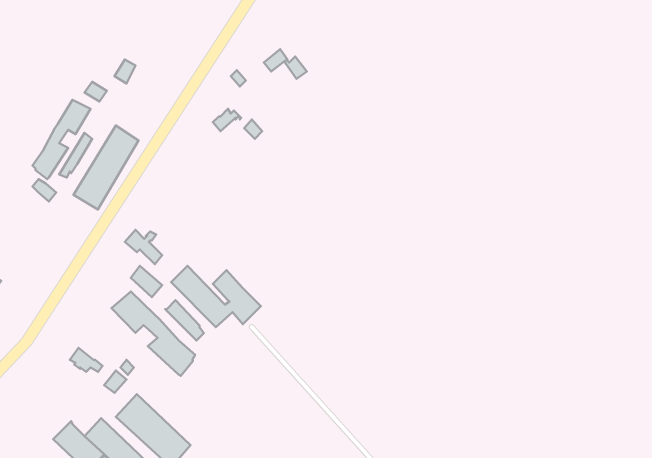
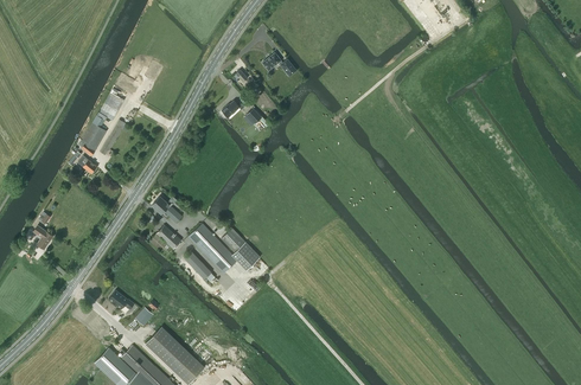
building: [74,125,139,209] -> none
building: [111,292,195,376] -> none

